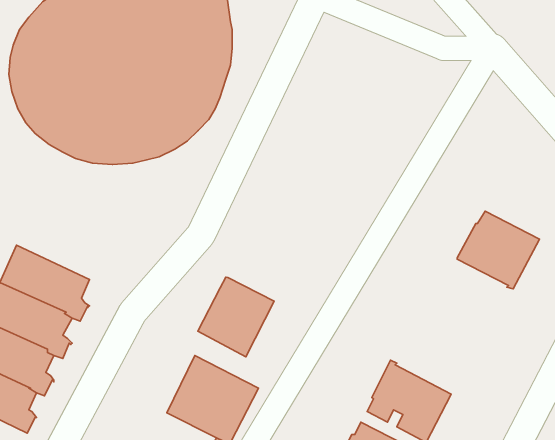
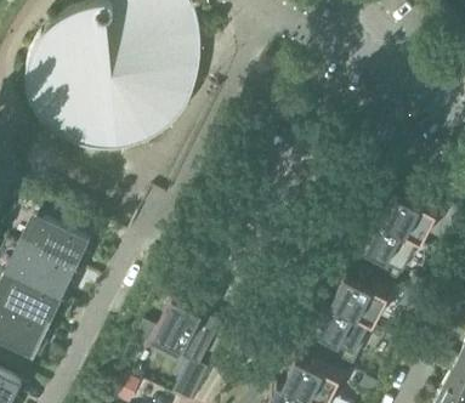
building: none -> [355,217,416,279]
building: [198,277,274,357] -> none
building: none -> [328,266,392,327]

